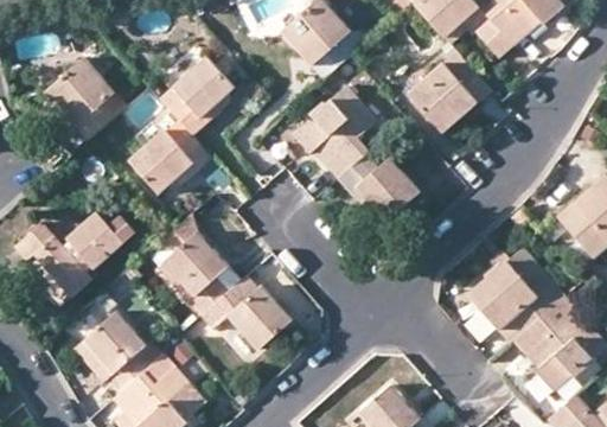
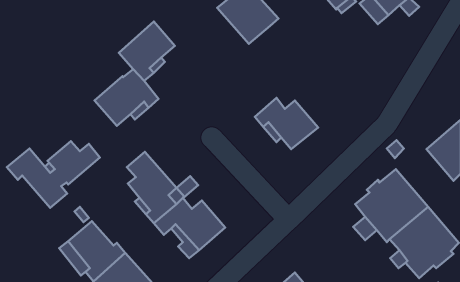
building: [405,47,487,128] -> none
building: [50,62,129,142] -> none
building: [290,85,376,177] -> none

